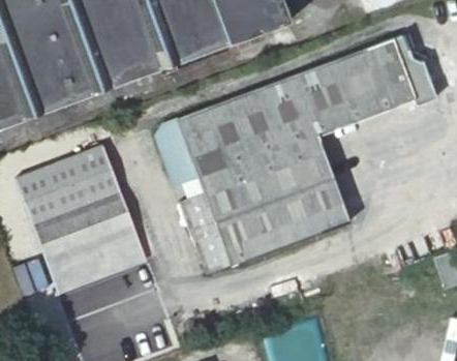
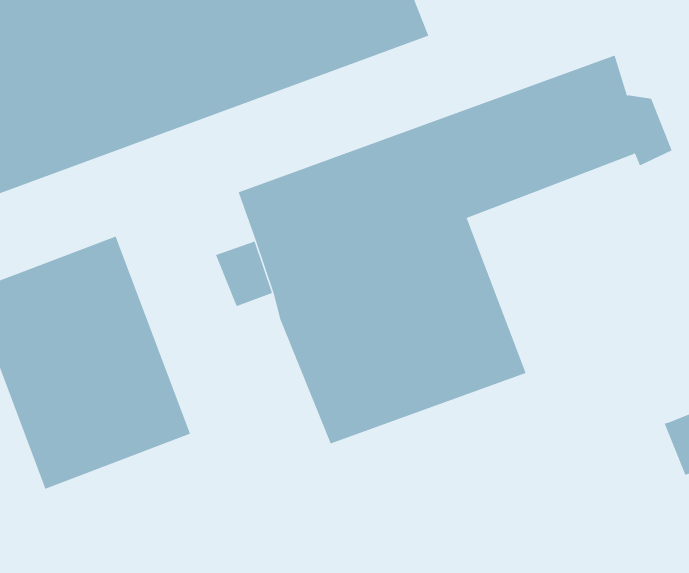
building: [181,192,232,276] -> none

